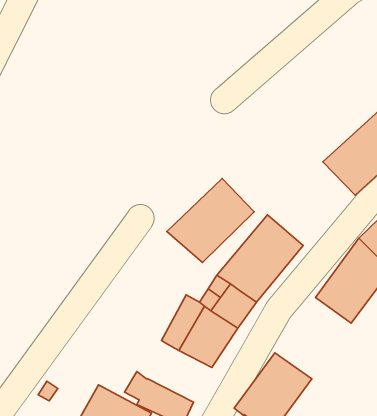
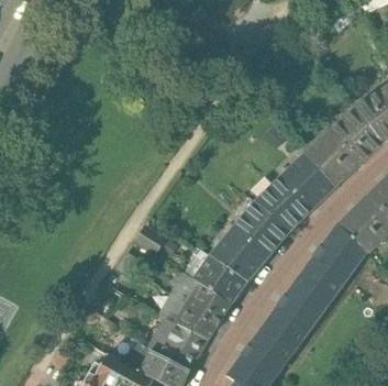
building: [167,179,254,262] -> [256,155,334,230]
building: none -> [263,276,331,349]
building: none -> [148,318,207,370]

